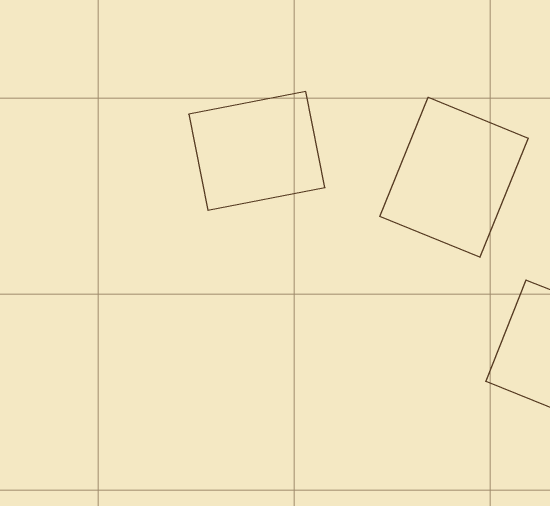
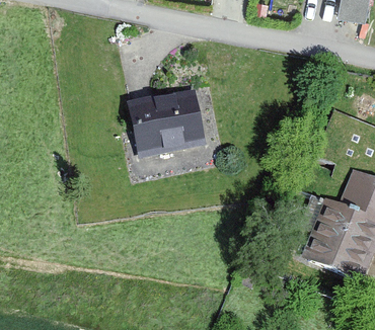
building: [380,97,528,257] -> none

